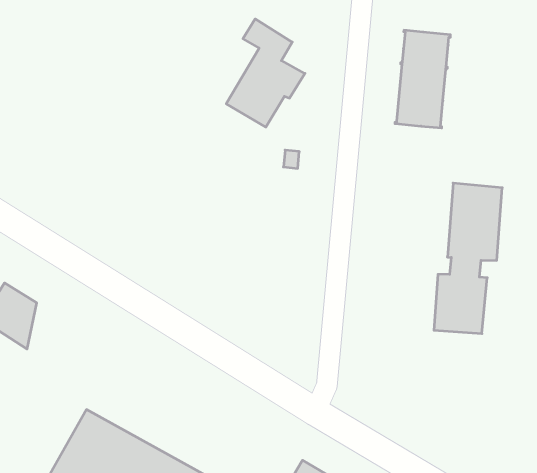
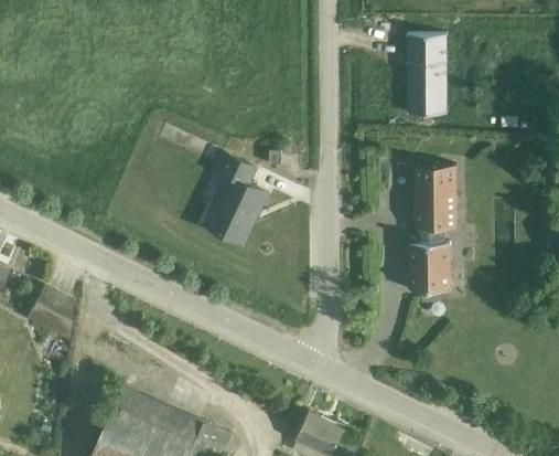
building: [226,19,305,127] -> [204,151,268,242]
building: [395,30,450,128] -> [407,34,447,114]

